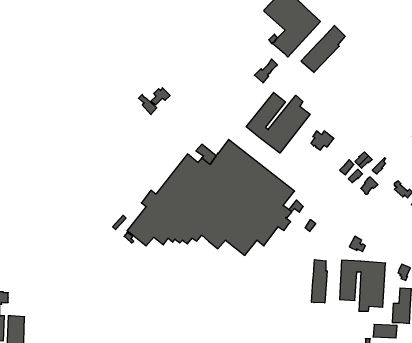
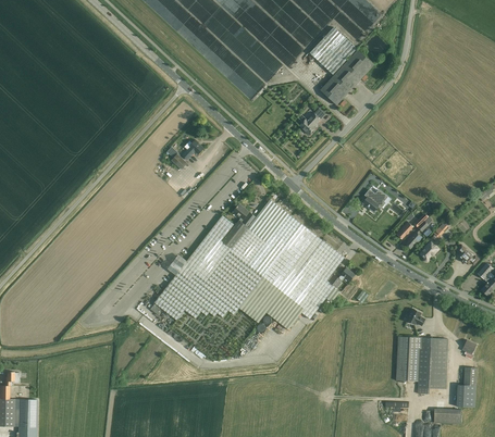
building: [301,25,345,73] -> none
building: [246,92,310,153] -> none
building: [312,260,327,303] -> none

